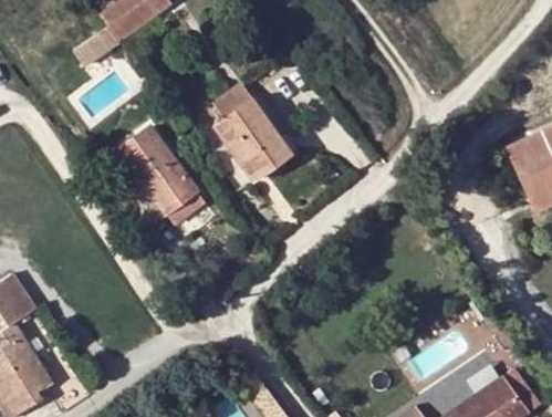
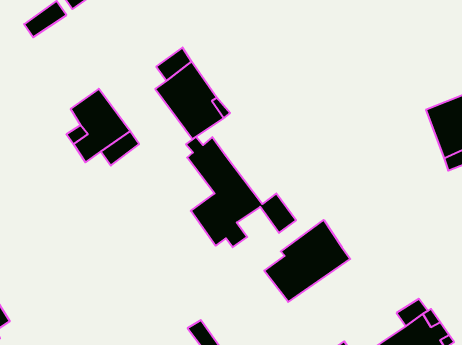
building: none -> [186,137,296,247]
building: none -> [264,220,350,302]

